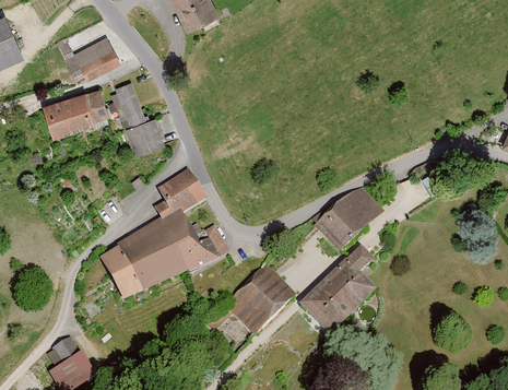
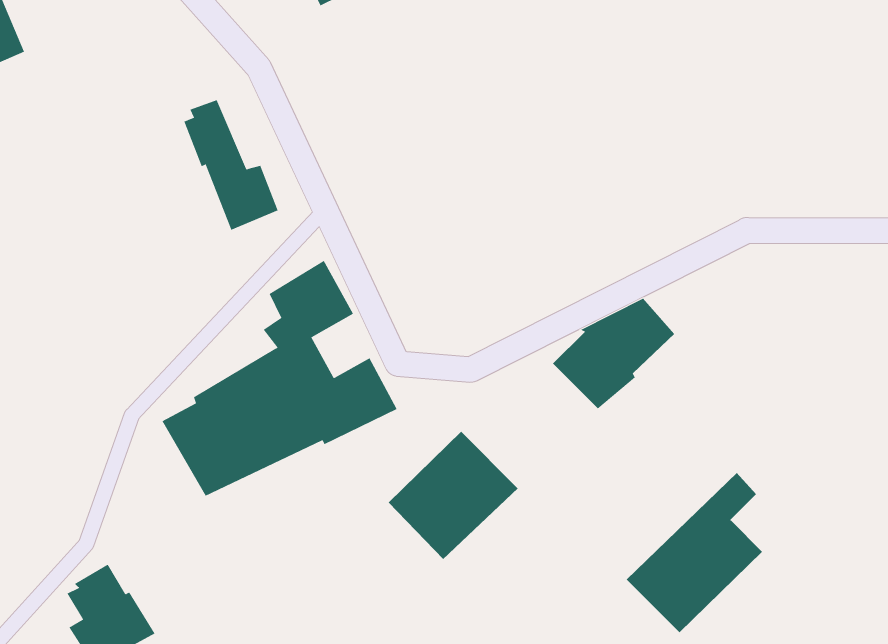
building: [63,37,119,81] -> none
building: [42,87,107,137] -> none
building: [299,247,375,335] -> [626,472,763,633]

